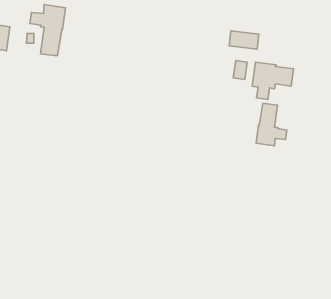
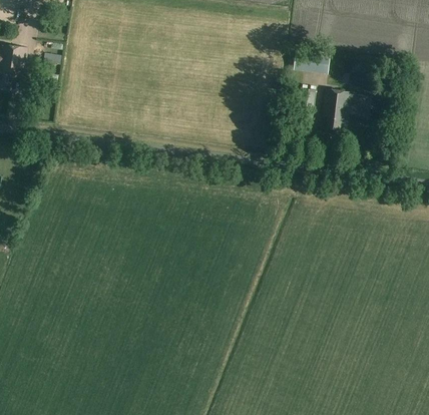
building: [30,5,65,56] -> none
building: [256,103,287,146] -> none

